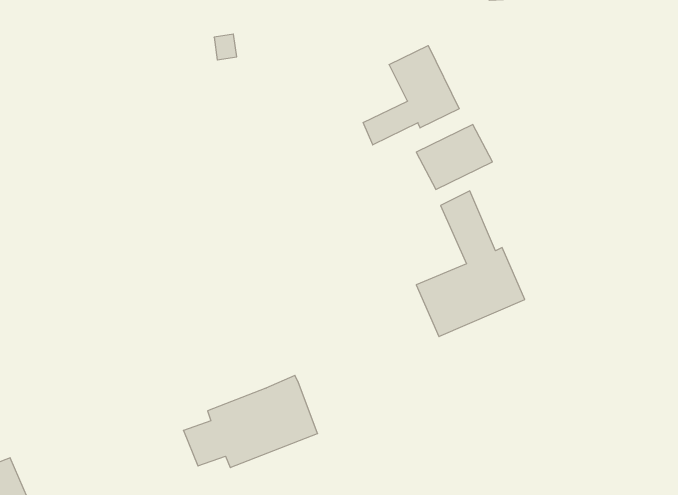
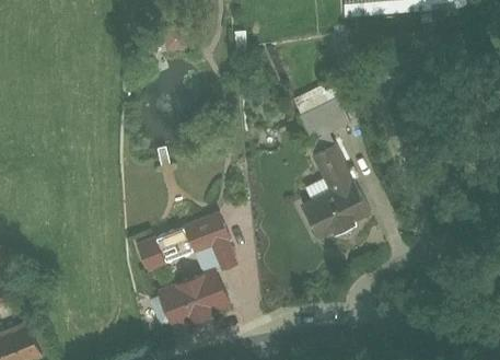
building: [363,46,459,145] -> none
building: none -> [140,211,235,272]

